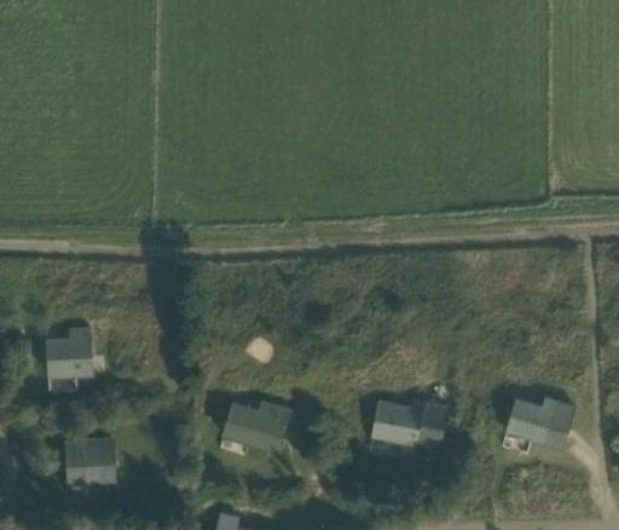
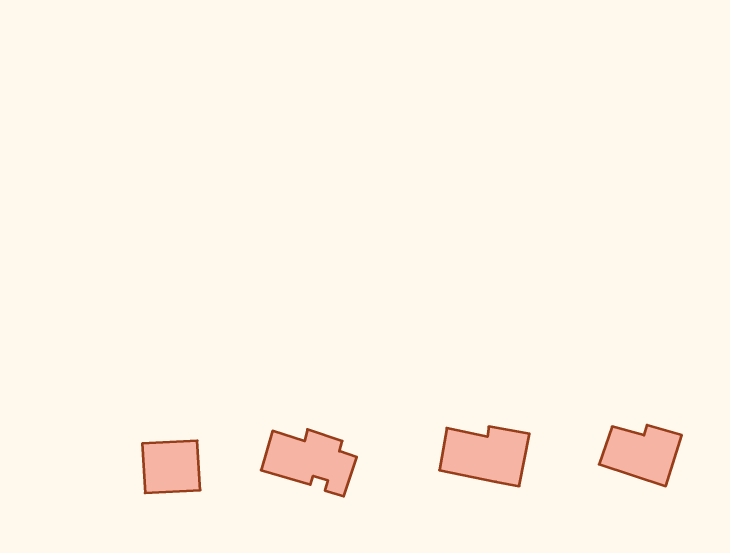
building: [45,329,92,378] -> none
building: [65,439,114,483] -> [142,441,200,493]

